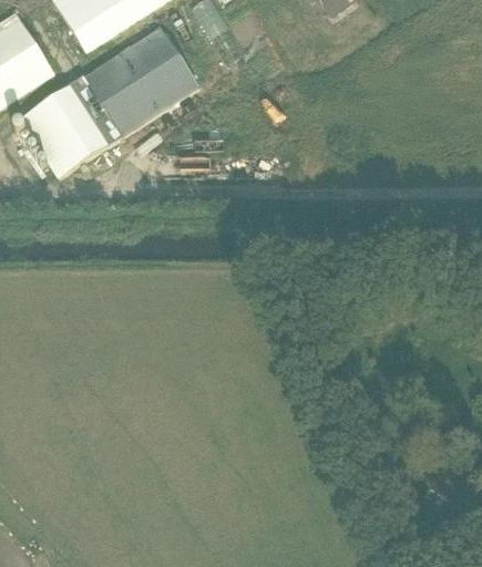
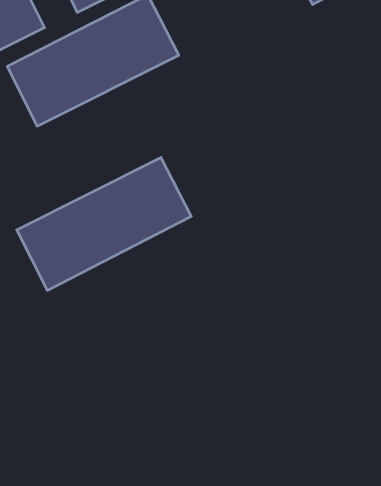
building: none -> [17,157,191,290]

